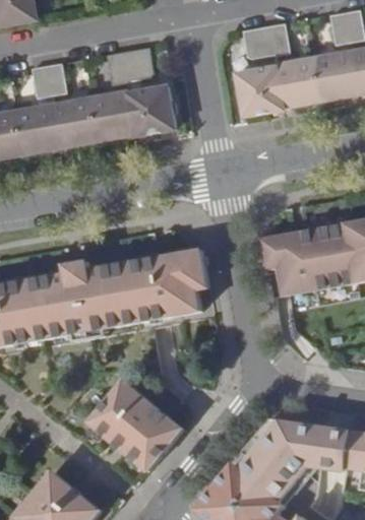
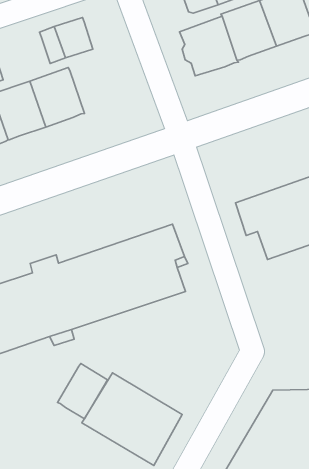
building: [128,85,178,136] -> none
building: none -> [58,364,108,419]

